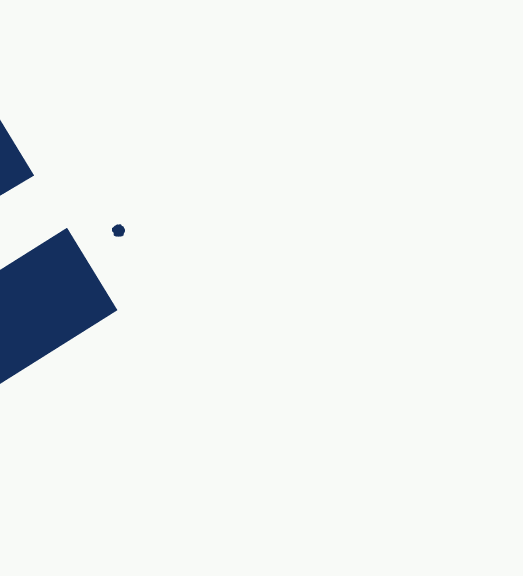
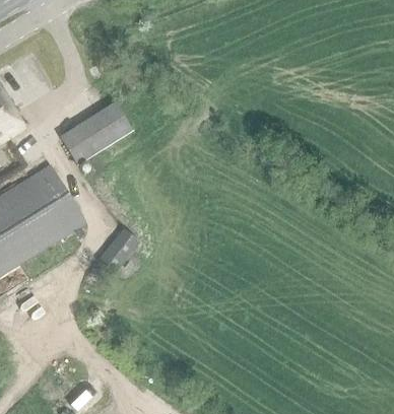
building: none -> [59,101,131,163]
building: none -> [97,227,139,272]

